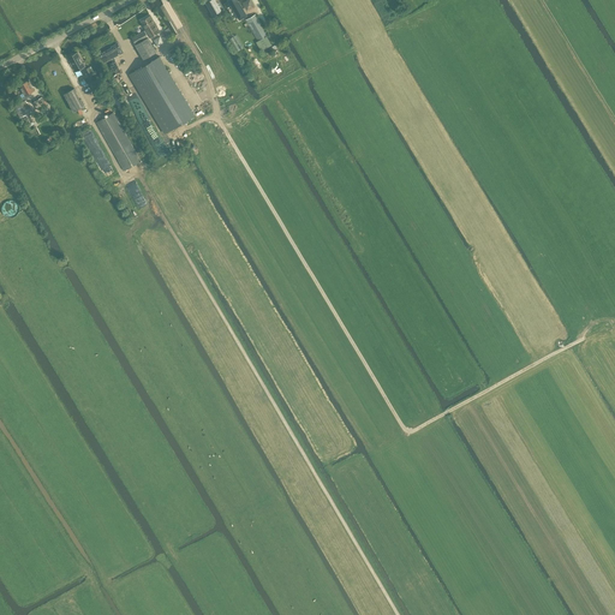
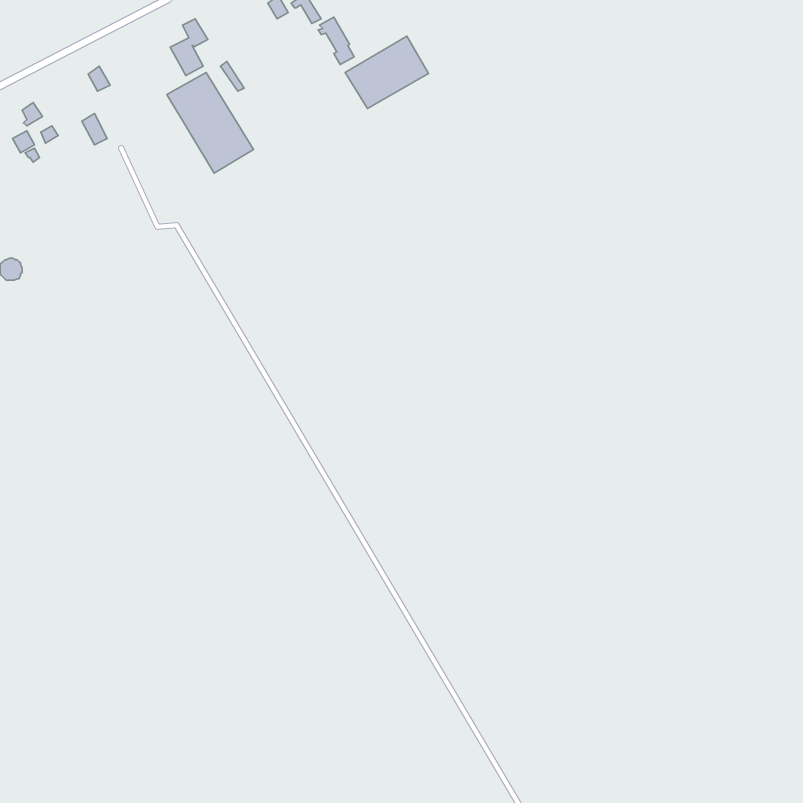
building: none -> [345,36,429,108]
building: [95,112,139,169] -> none

